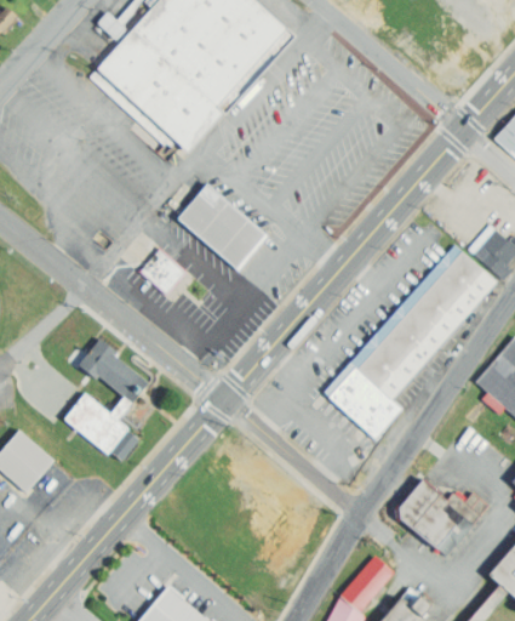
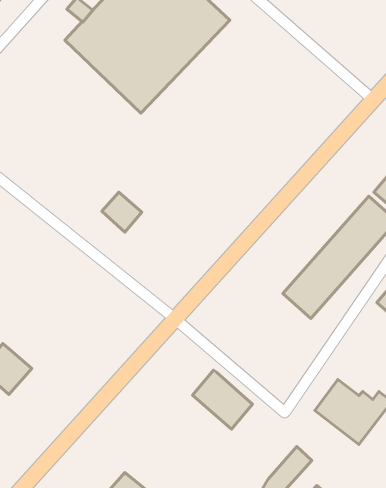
building: [178,184,265,270] -> none
building: [78,338,148,404] -> none
building: [328,368,401,439] -> [193,370,253,429]
building: [64,395,138,461] -> none

